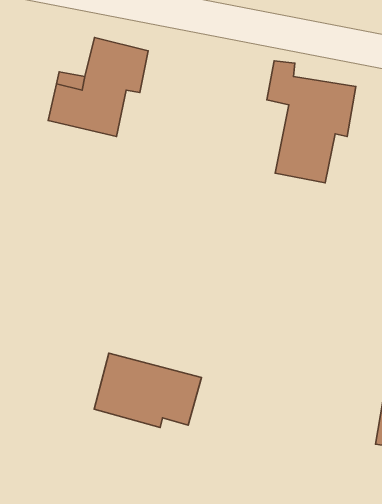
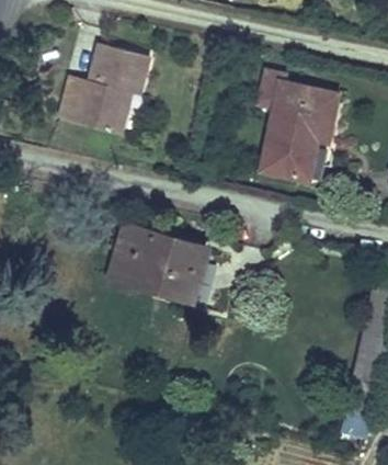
building: [94,353,202,428] -> [114,235,210,302]

